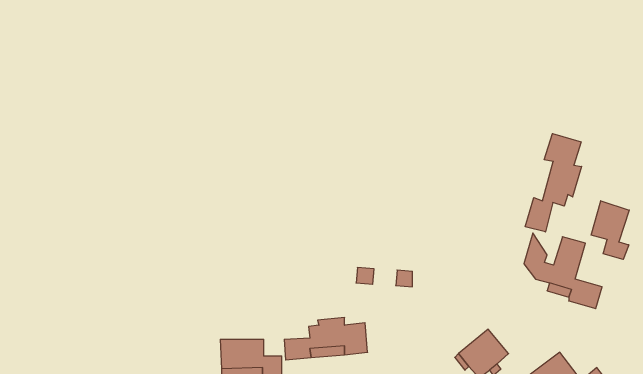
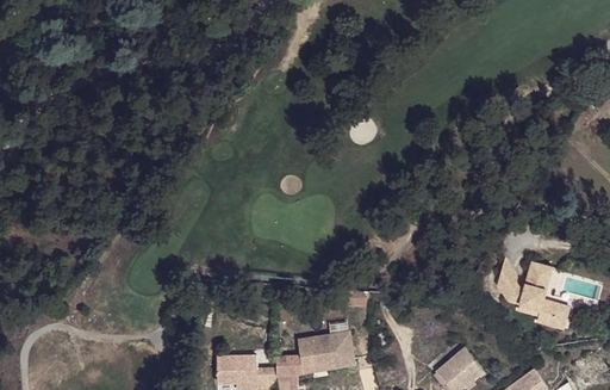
building: [525,134,582,232] -> none
building: [591,201,629,259] -> none

